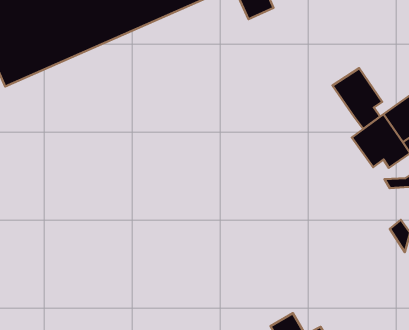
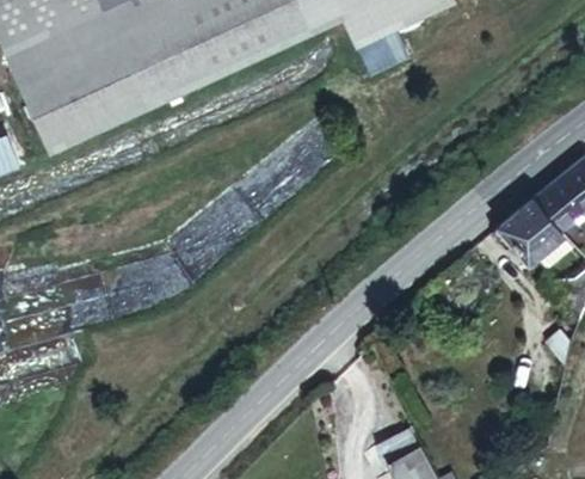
building: [332,68,382,129] -> none

